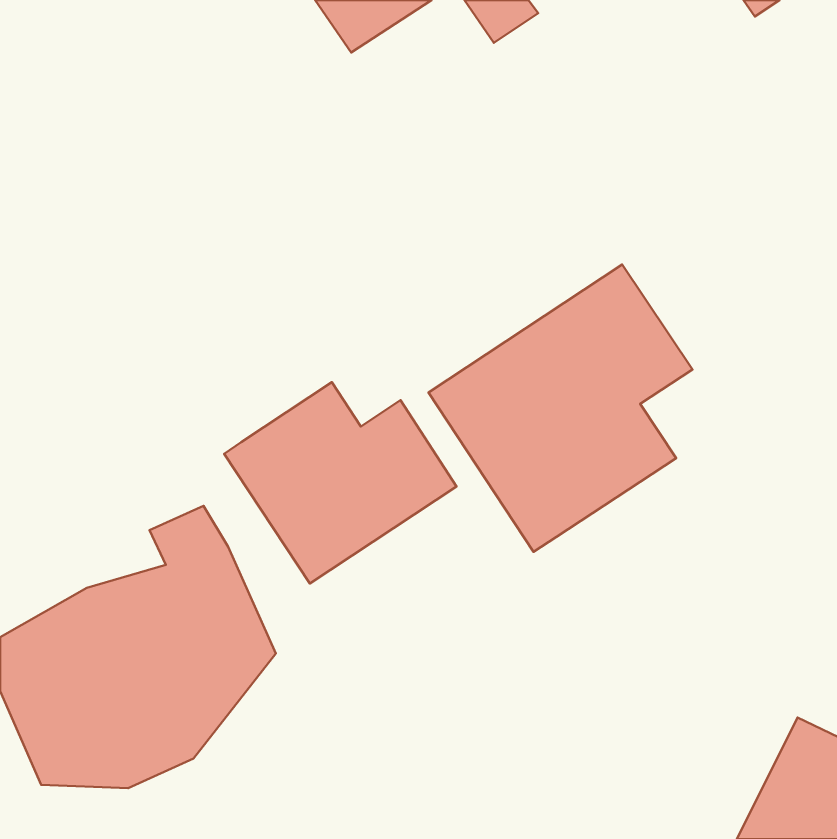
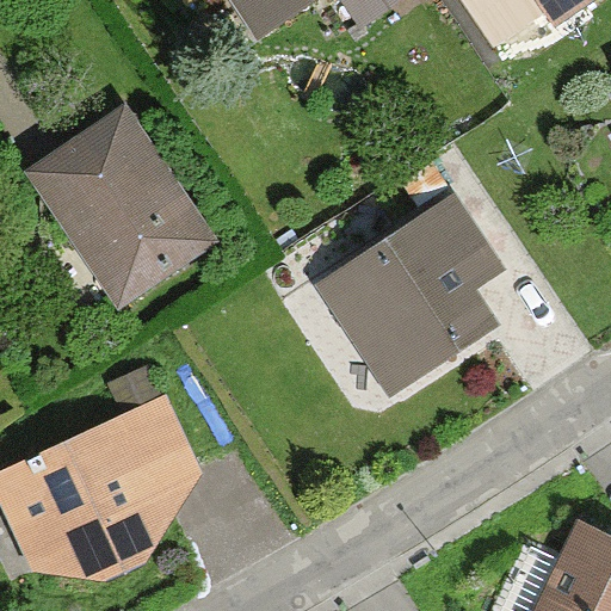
building: none -> [23,100,216,309]
building: [224,382,456,583] -> none

